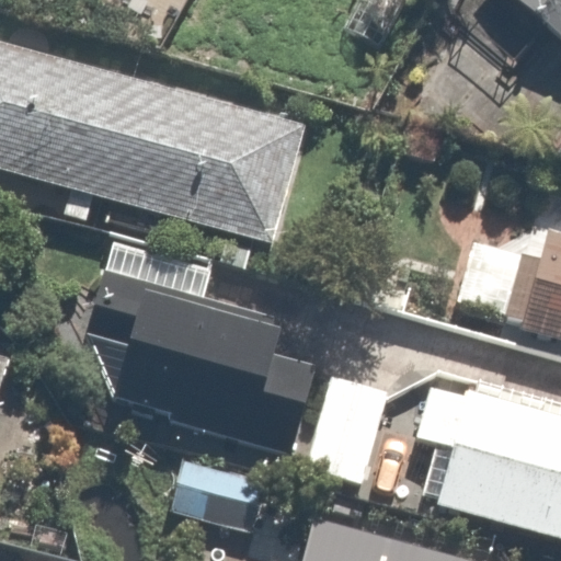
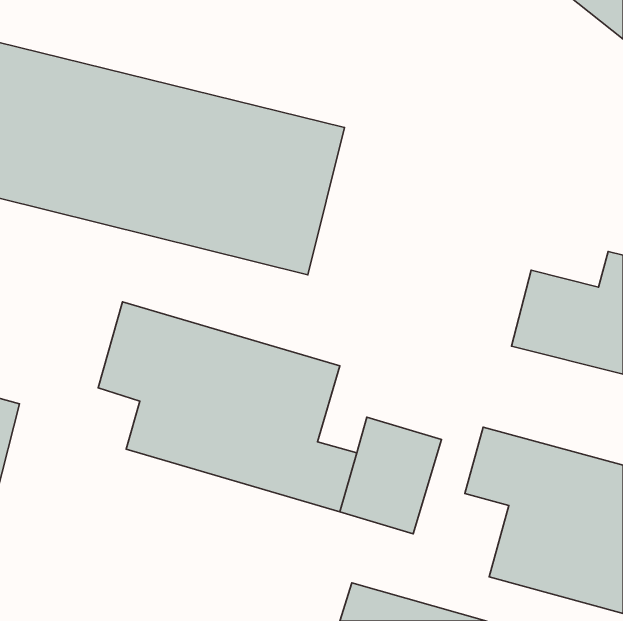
building: [168,450,278,542] -> none

